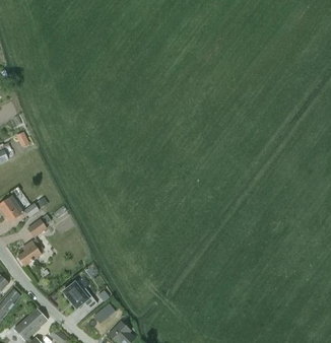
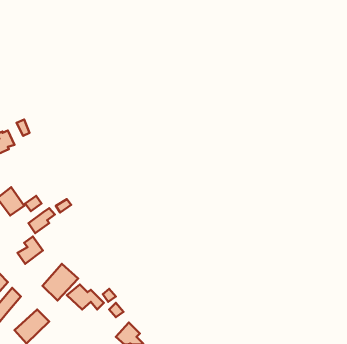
building: none -> [43,264,78,300]

